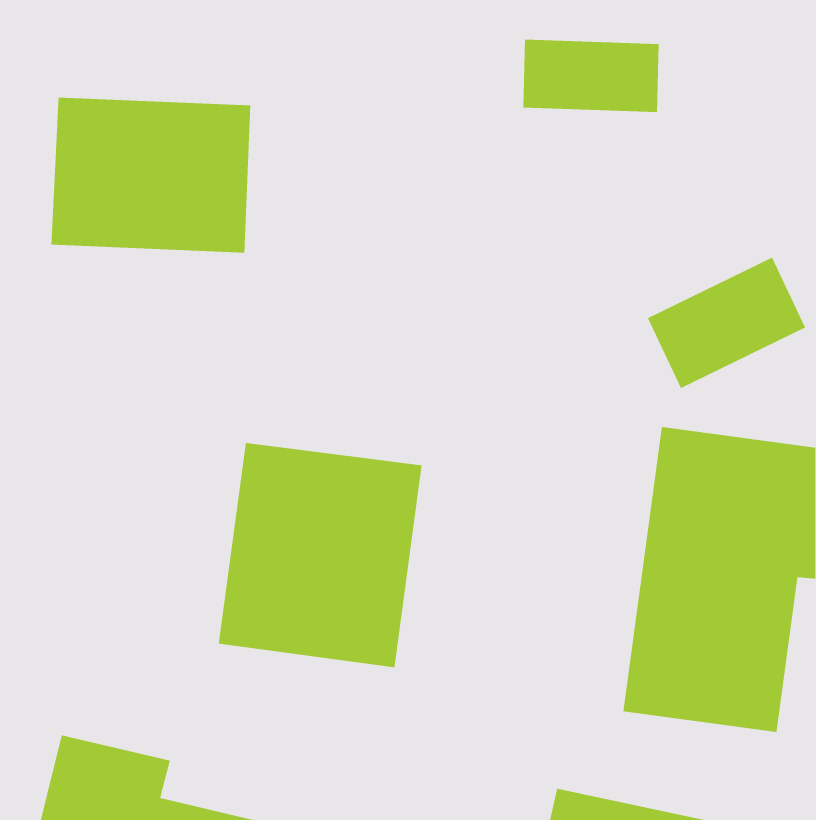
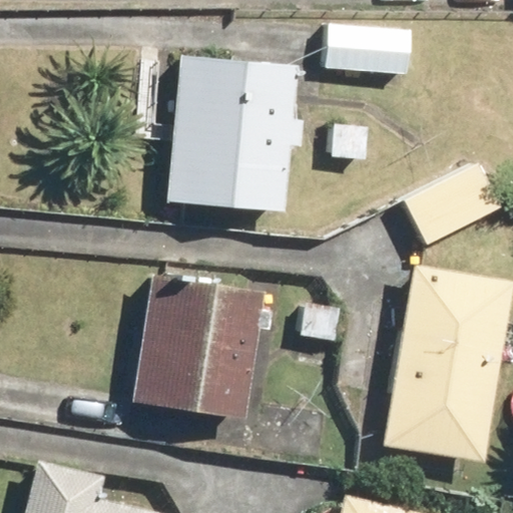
building: none -> [170,59,305,208]
building: [50,97,251,253] -> none

